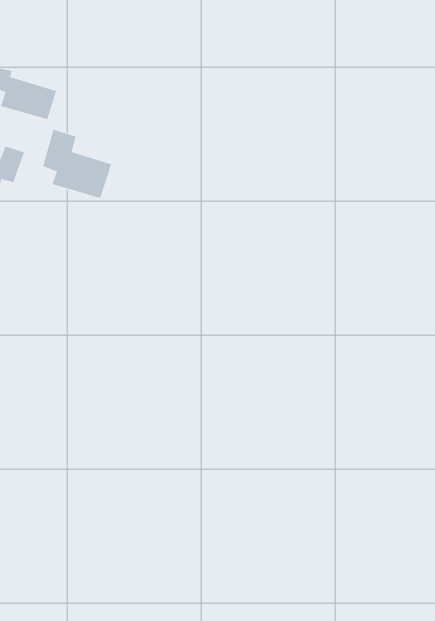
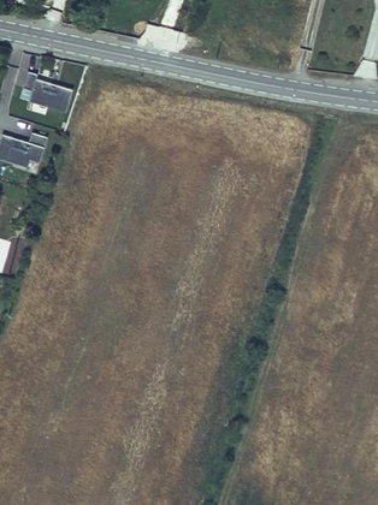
building: [43,129,112,199] -> none

